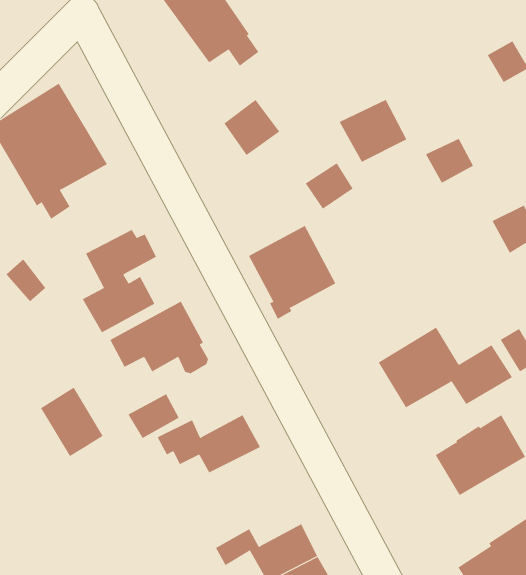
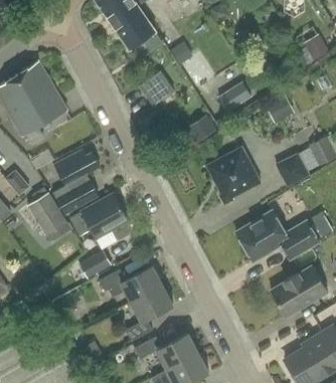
building: [248,225,336,319] -> [206,147,261,205]
building: none -> [274,153,308,187]
building: [40,387,103,457] -> [27,193,66,236]
building: none -> [126,286,173,342]

